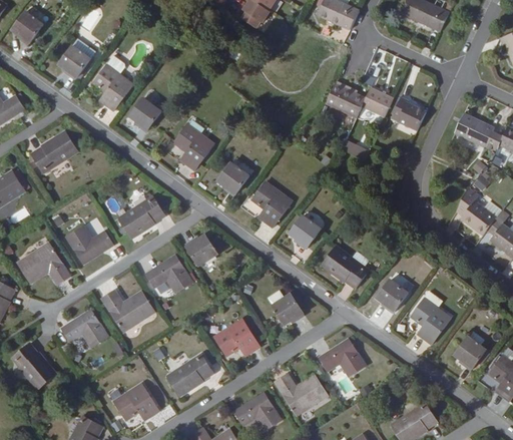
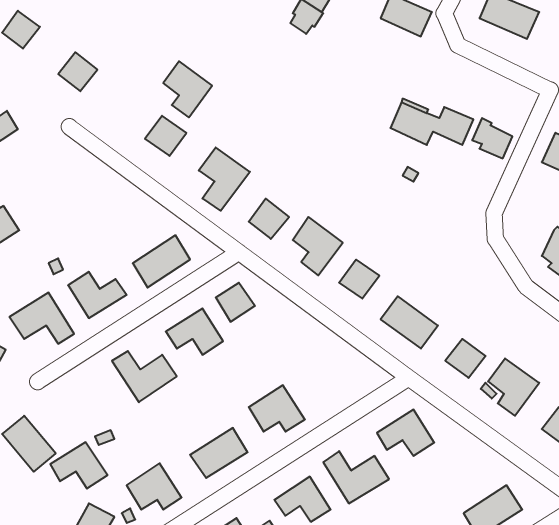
building: [91,63,131,109] -> [163,61,212,117]
building: [31,130,78,172] -> none
building: [272,293,303,324] -> none
building: [60,309,107,347] -> [50,442,108,489]

